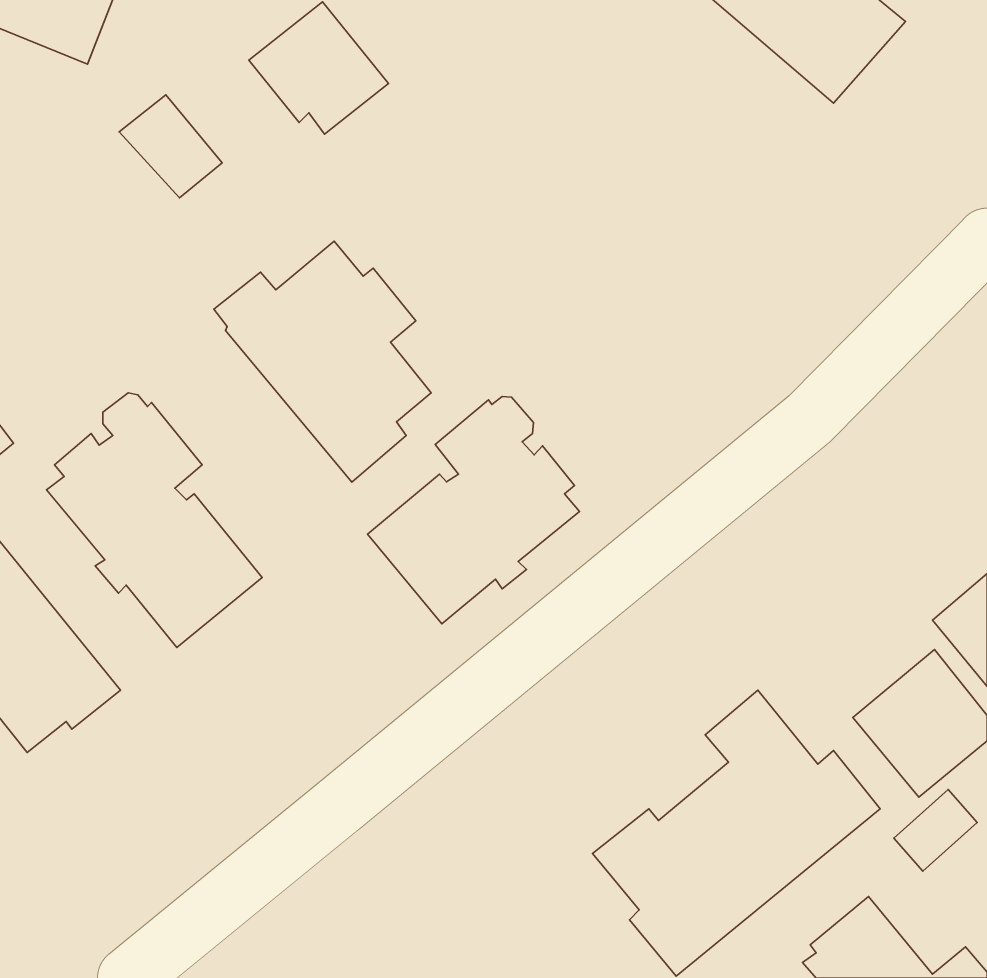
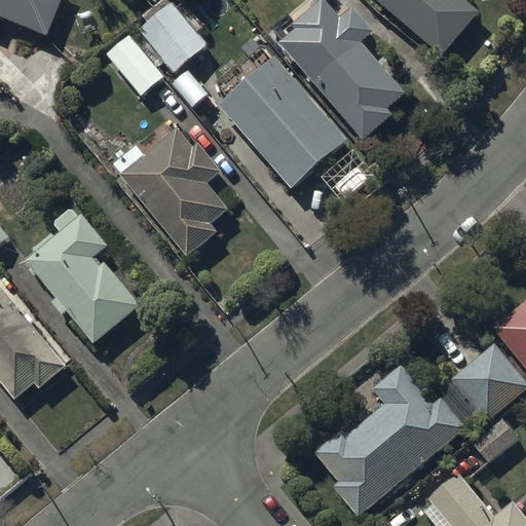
building: none -> [292,6,405,139]
building: [119,95,222,198] -> [109,38,163,92]
building: none -> [220,54,347,187]
building: [368,396,580,624] -> none

